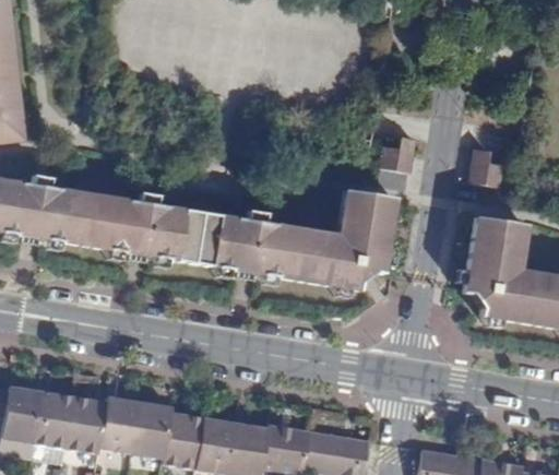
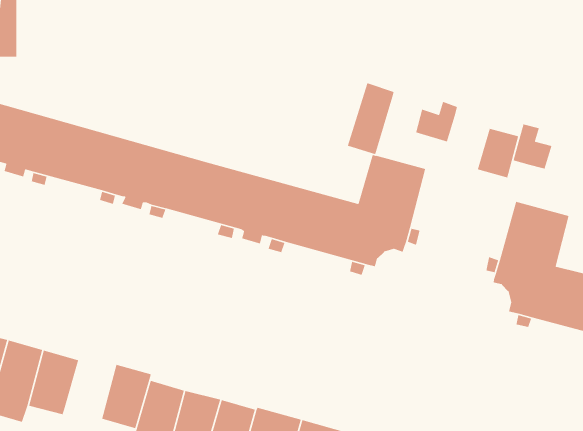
building: none -> [347,82,395,155]
building: none -> [477,128,519,178]
building: [99,394,140,450] -> none

